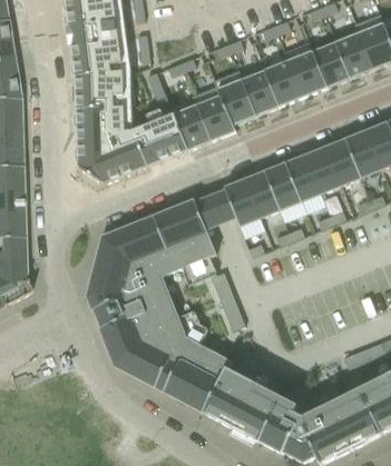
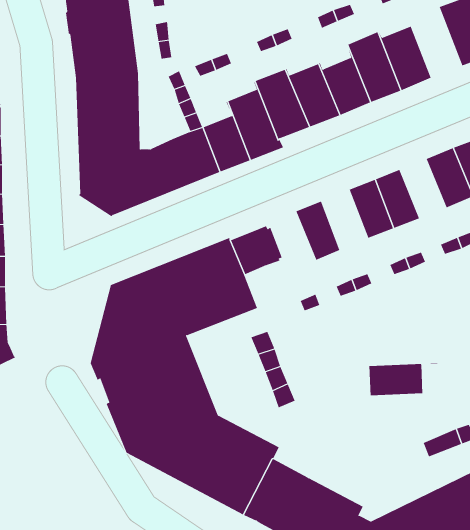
building: [334,21,373,76] -> none
building: [325,138,361,184] -> none
building: [265,161,301,208] -> none
building: [223,178,261,224] -> none
building: none -> [369,363,438,396]

